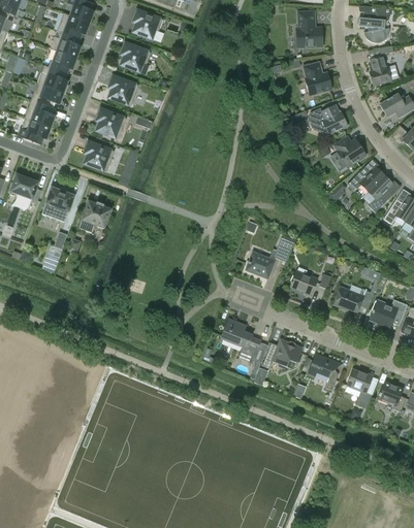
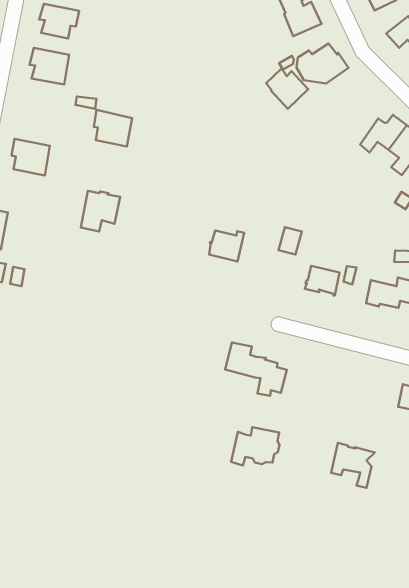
building: [96,107,126,138] -> [94,110,132,147]
building: [333,135,364,166] -> [266,69,308,109]
building: [78,200,112,232] -> [81,191,120,232]
building: [246,252,275,277] -> [209,230,244,261]
building: [262,339,301,368] -> [231,427,280,466]
building: [307,352,342,389] -> [331,443,375,488]

